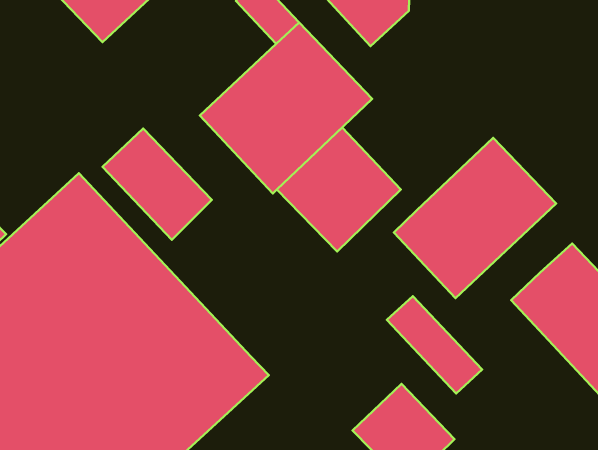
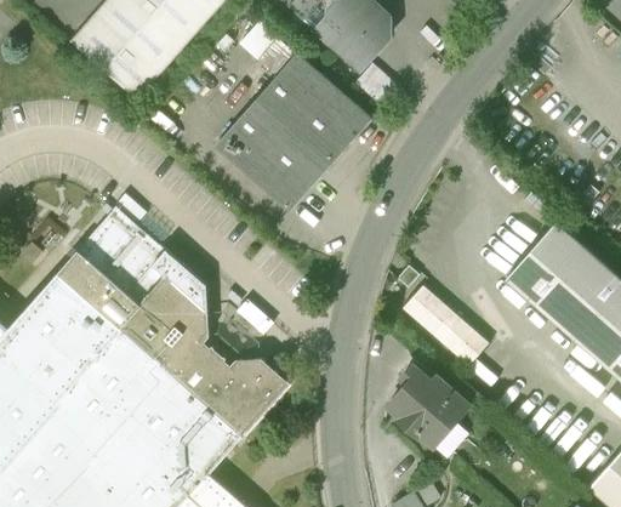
building: [277,128,401,251] -> none
building: [102,128,212,240] -> none
building: [394,138,556,298] -> none

